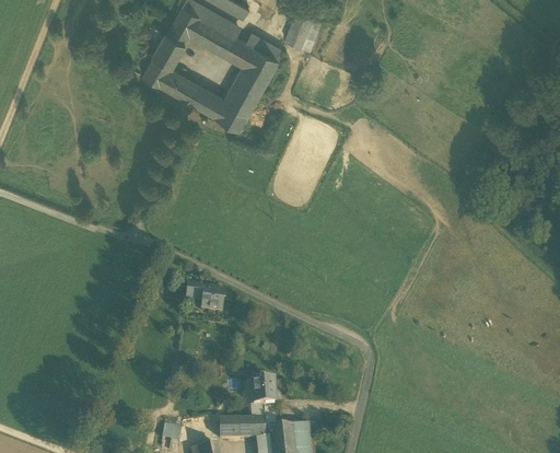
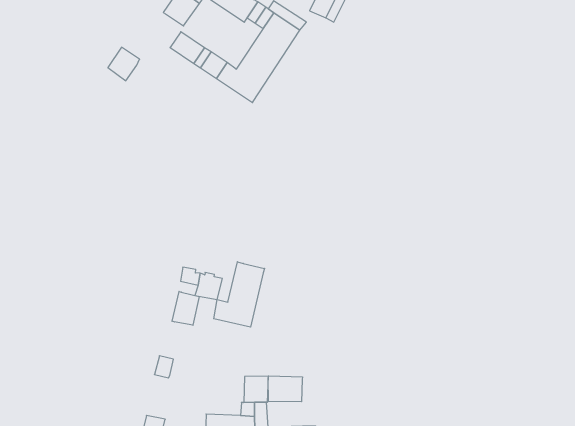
building: [142,53,171,83] -> [108,47,140,81]
building: none -> [214,262,265,327]
building: none -> [172,291,199,325]
building: none -> [268,376,302,402]

